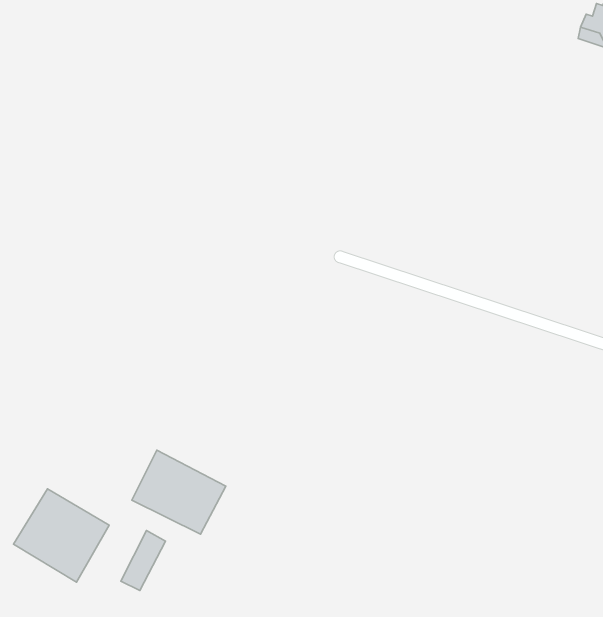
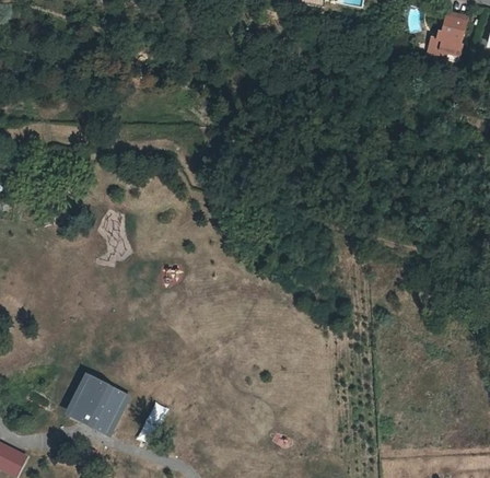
building: [132,450,226,534] -> none

